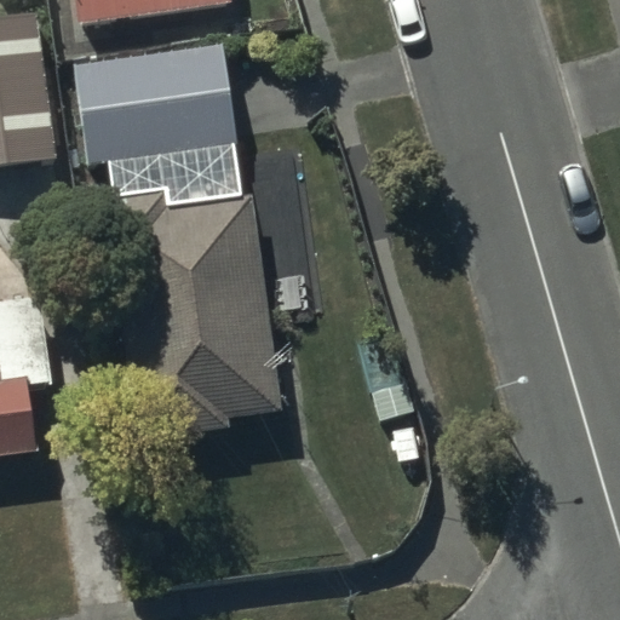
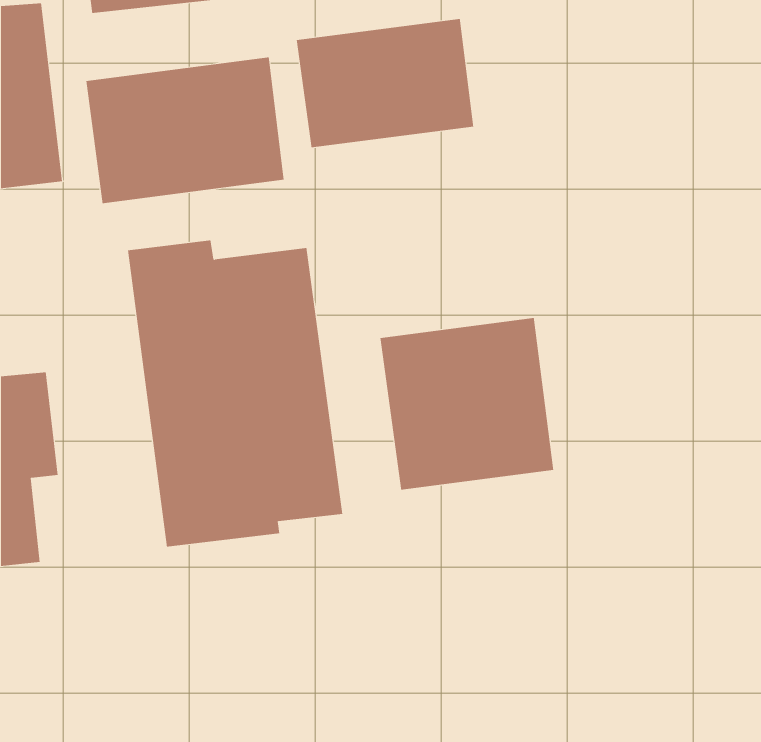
building: none -> [296,18,474,148]
building: none -> [380,317,554,490]

